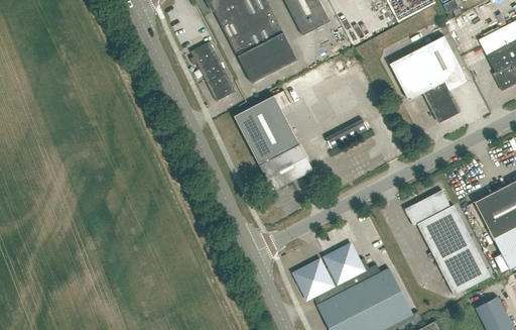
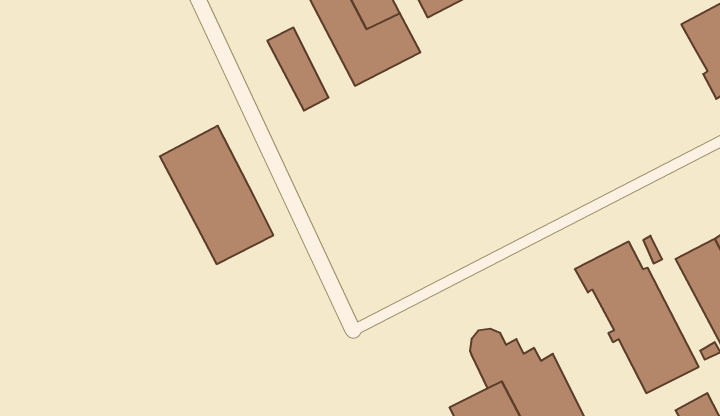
building: [390,35,463,121] -> none
building: [234,94,312,190] -> [160,126,273,264]
building: [300,266,344,305] -> none

